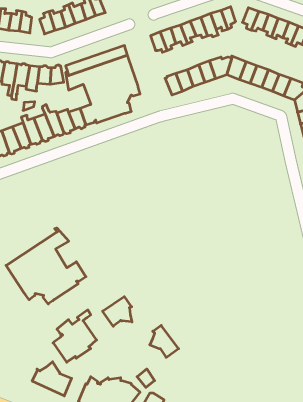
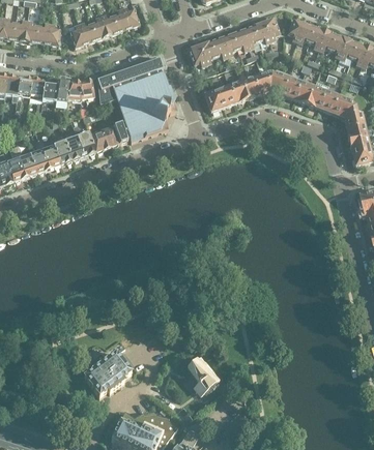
building: [6,228,86,304] -> none
building: [103,297,132,326] -> none
building: [32,362,72,396] -> none

